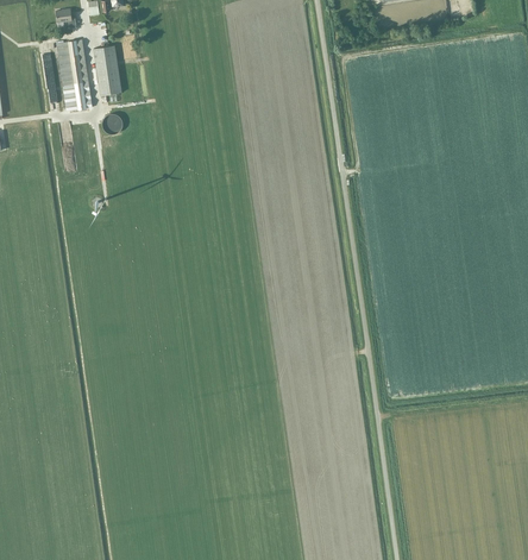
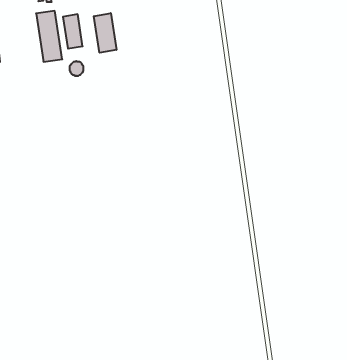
building: none -> [94,13,116,53]

